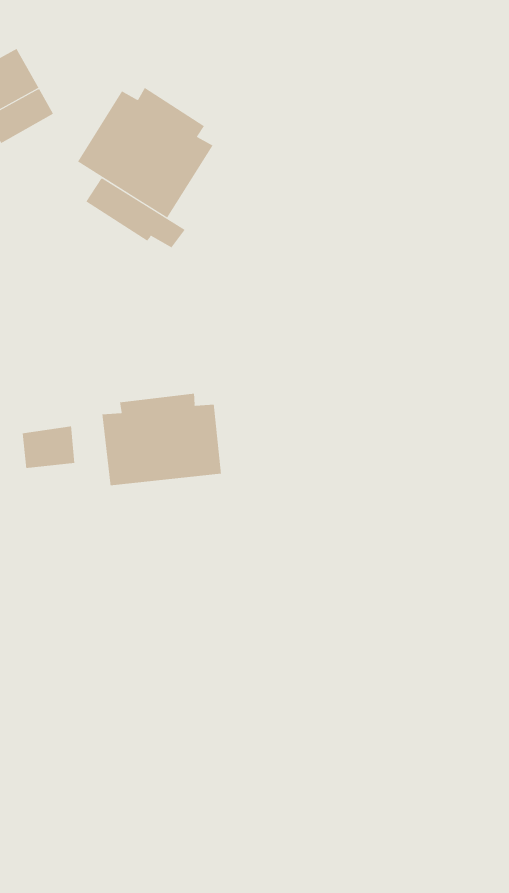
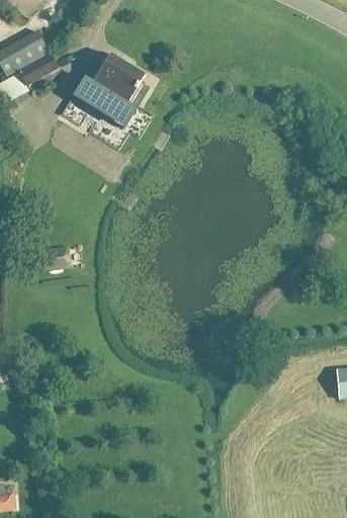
building: [85,178,185,248] -> none
building: [102,393,222,486] -> none

